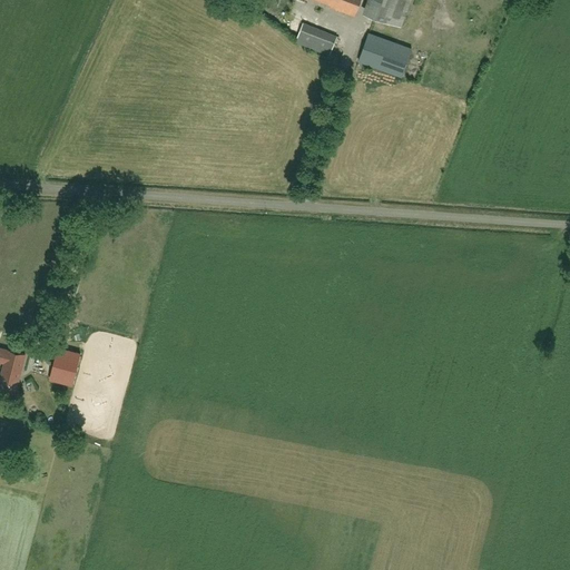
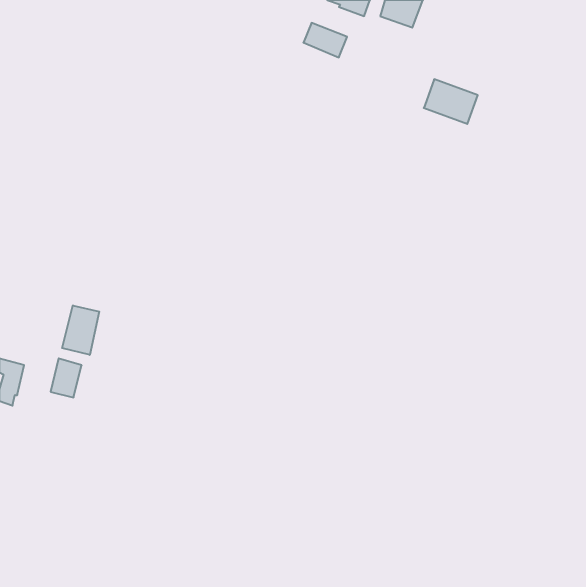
building: [357,33,410,77] -> [424,79,478,124]
building: none -> [62,305,99,355]

